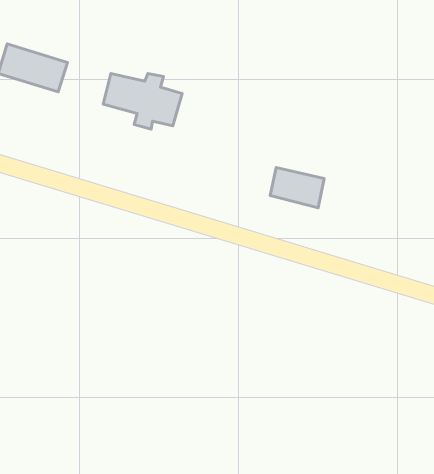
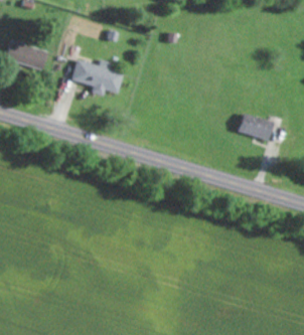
building: [270,168,324,208] -> [241,114,276,140]

